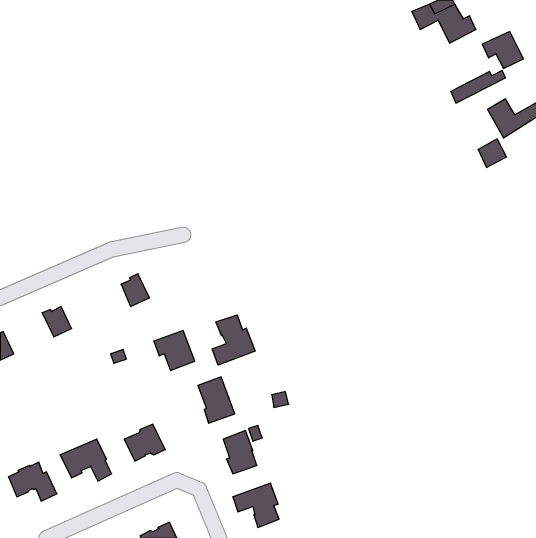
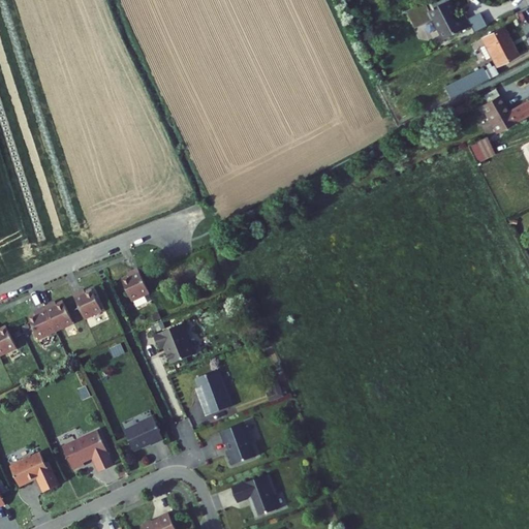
building: none -> [72,288,101,318]
building: none -> [27,307,55,339]
building: [212,315,255,365] -> none

